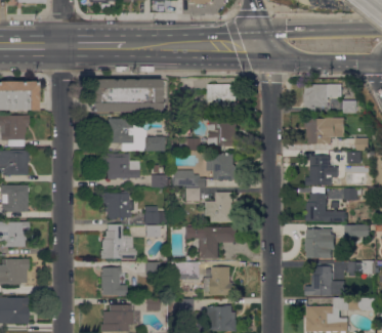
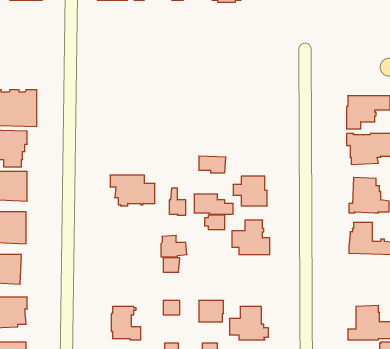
building: [90,80,166,113] -> none
building: [208,85,237,111] -> none
building: [209,118,238,145] -> none
building: [107,119,164,152] -> none
building: [99,192,133,220] -> none
building: [99,225,134,259] -> none
building: [185,227,237,259] -> none
building: [305,230,335,259] -> none

